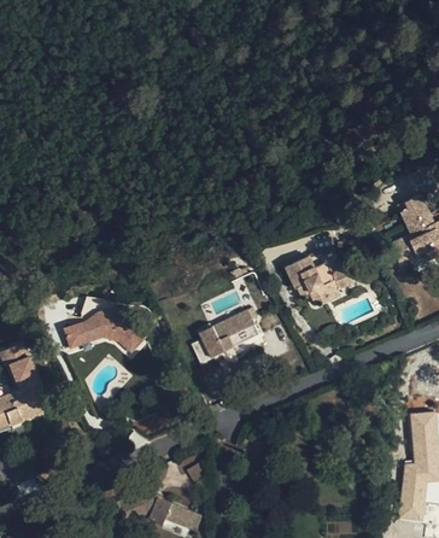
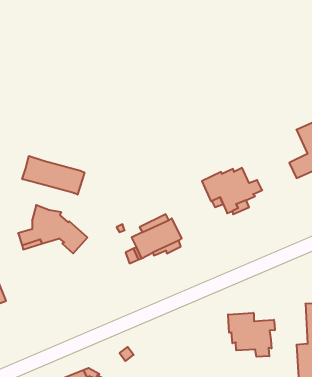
building: none -> [22,156,84,195]
building: none -> [228,313,275,357]

